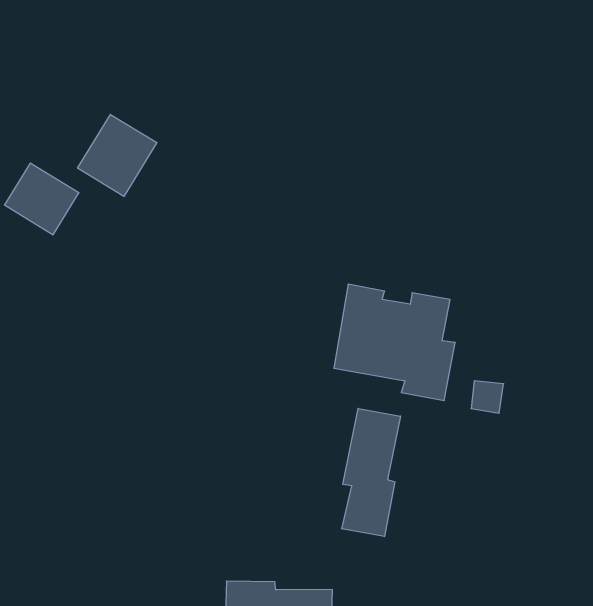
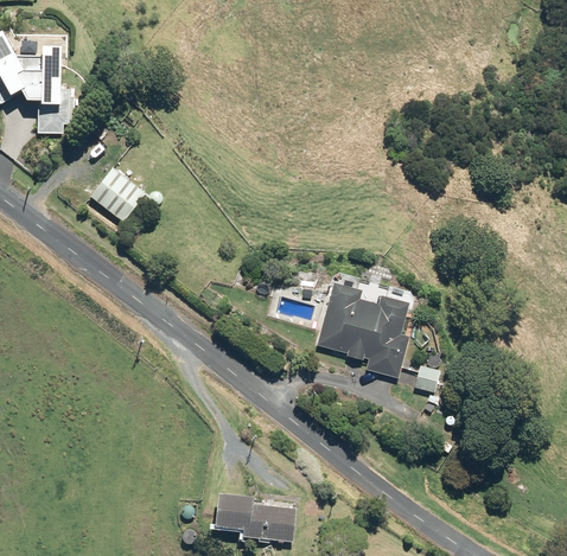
building: [78,114,157,196] -> none
building: [342,408,401,537] -> none

